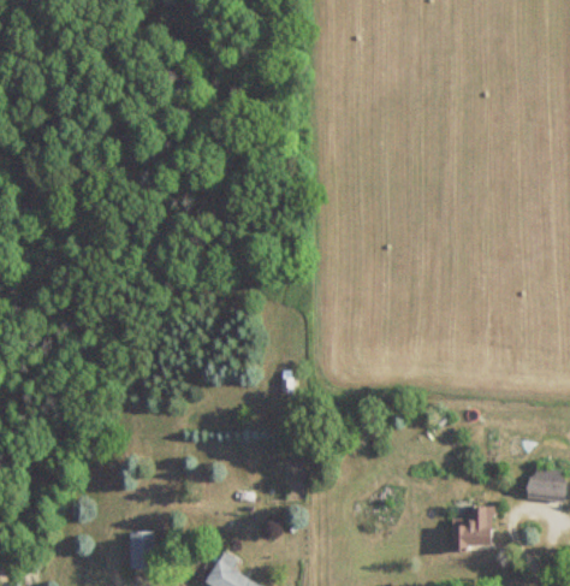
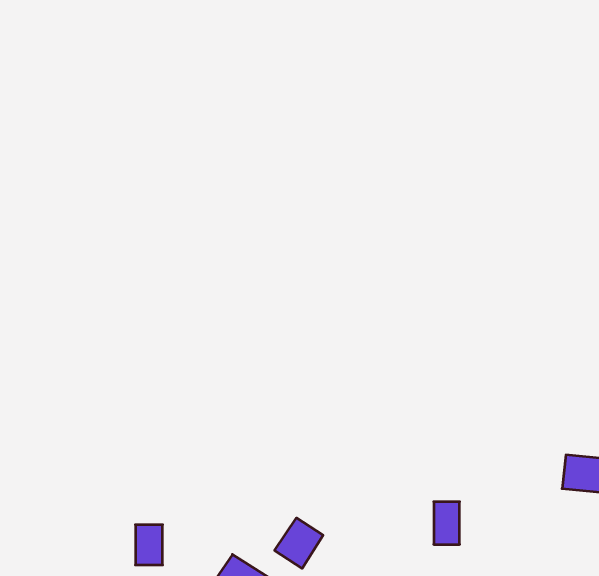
building: [468,505,492,545] -> [434,502,460,544]
building: none -> [275,518,323,568]

